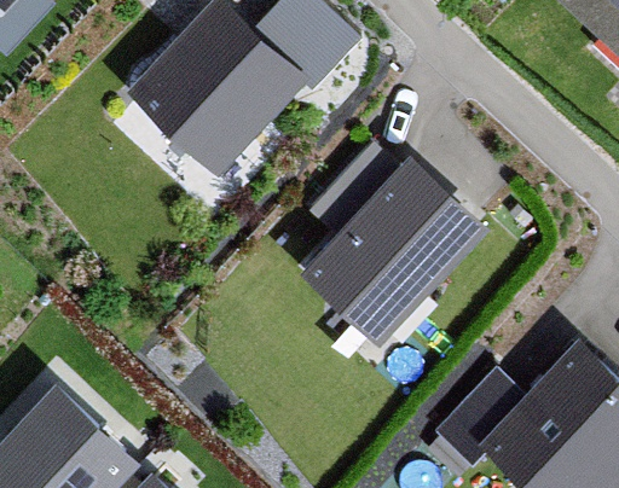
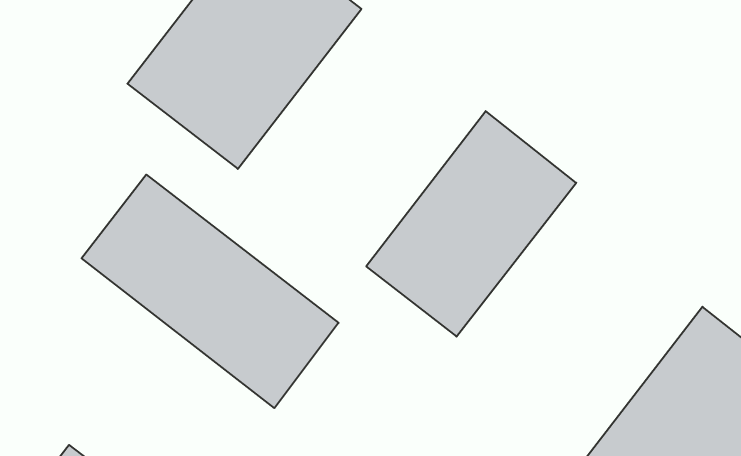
building: none -> [82,175,339,408]

